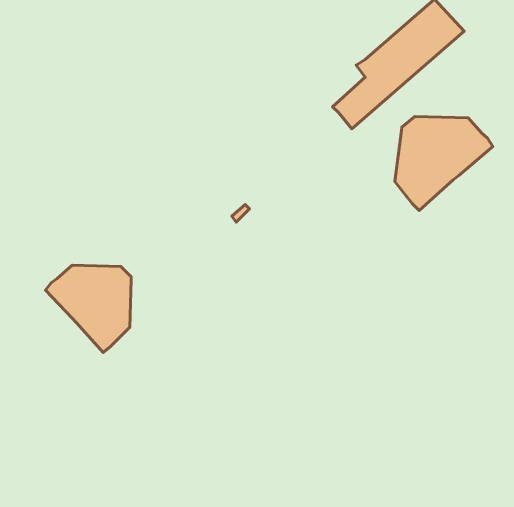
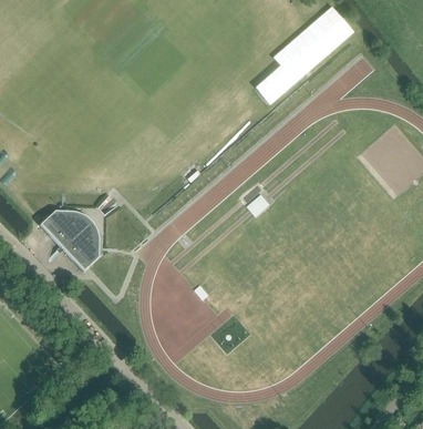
building: [395,117,493,210] -> none

